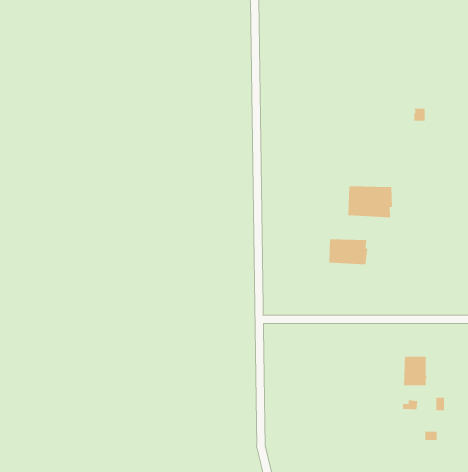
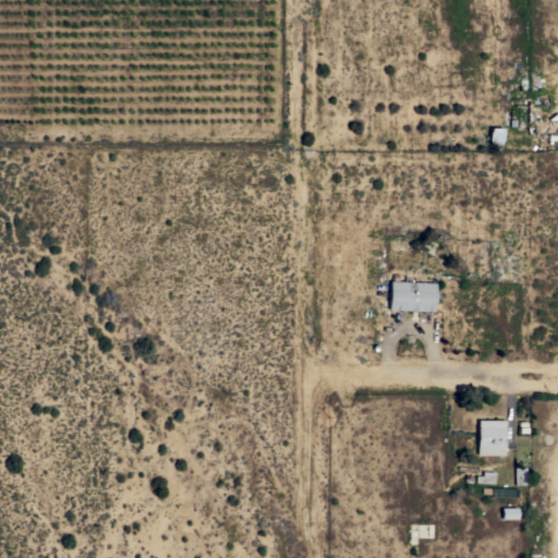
building: [348,185,392,218] -> none

